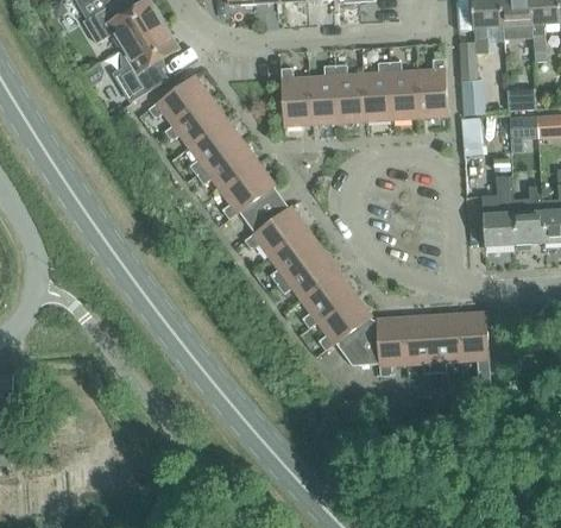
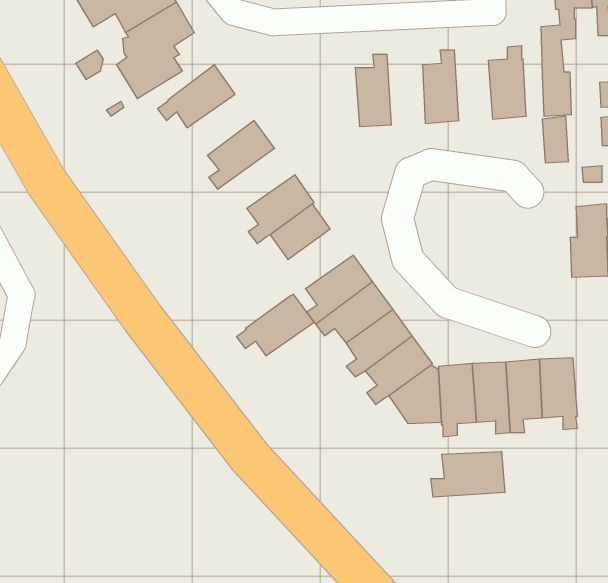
building: [389,61,420,119] -> none
building: [334,64,365,122] -> none
building: [279,68,311,126] -> none
building: [164,98,226,147] -> none
building: [196,142,259,190] -> none
building: [244,206,307,256] -> [237,294,314,356]
building: none -> [431,451,505,497]

